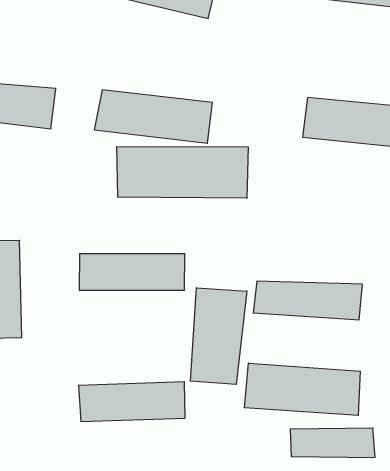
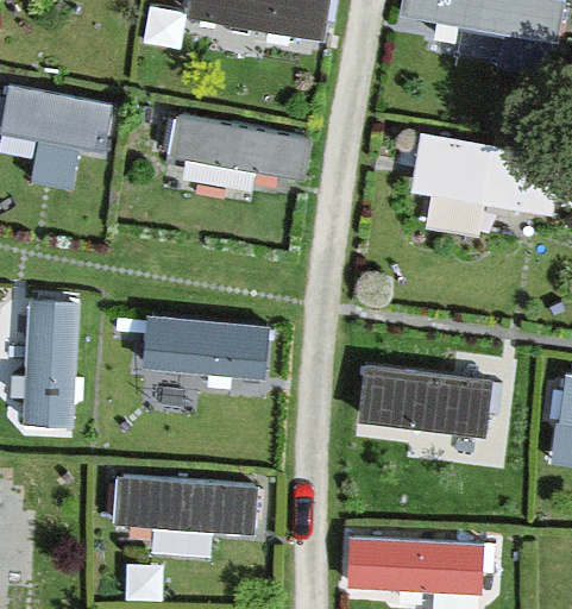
building: [117,147,248,198] -> none
building: [190,288,247,384] -> none
building: [244,363,360,415] -> none

